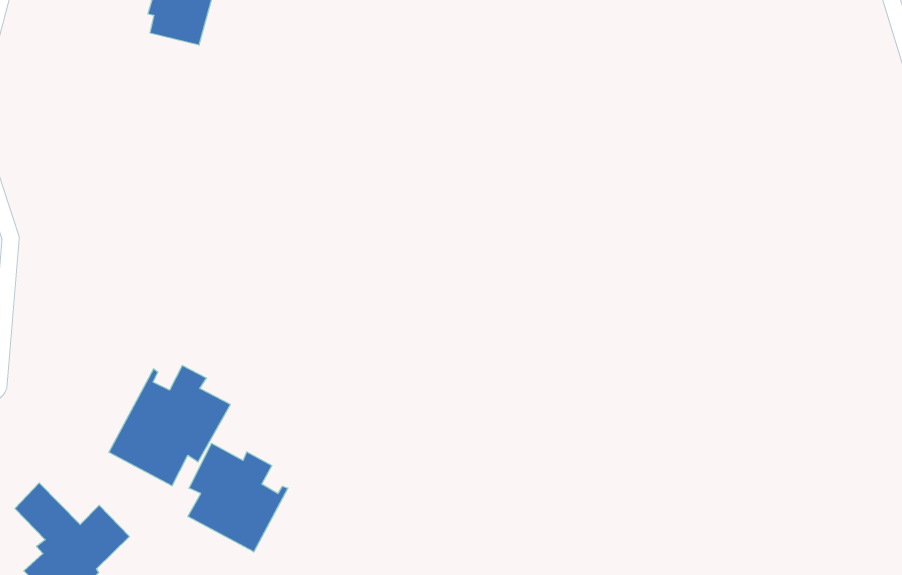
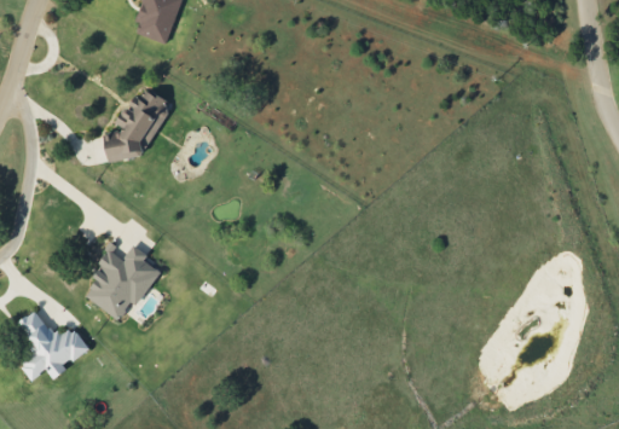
building: none -> [103,92,168,162]
building: [188,443,288,552] -> none

